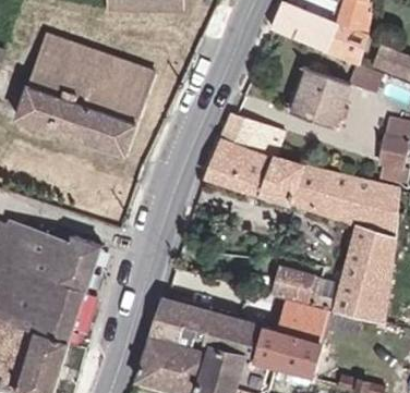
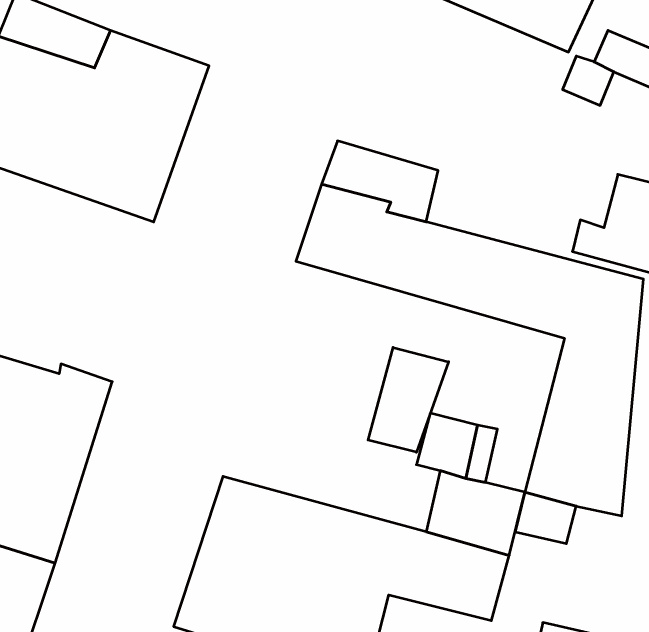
building: [285,64,351,128] -> none
building: none -> [368,347,449,452]

